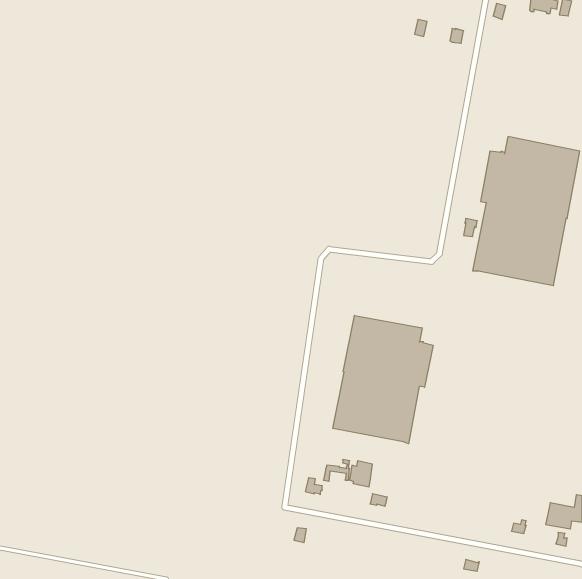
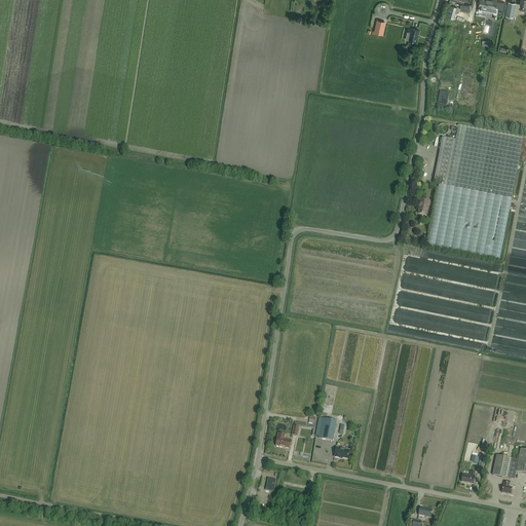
building: [333,315,433,444] -> none

